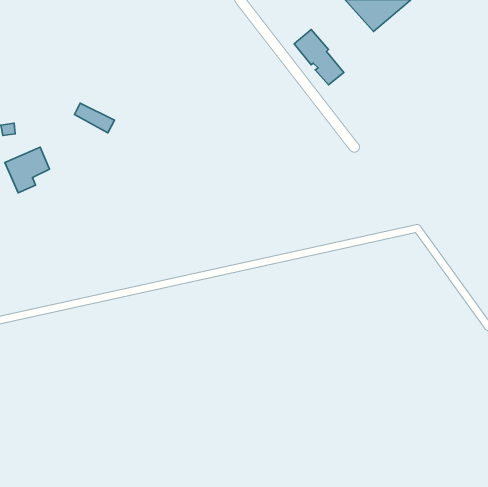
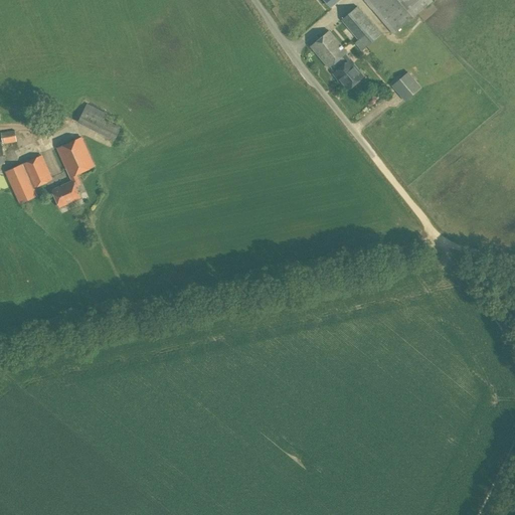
building: none -> [341,6,381,47]
building: none -> [391,71,421,101]
building: none -> [50,137,95,208]

